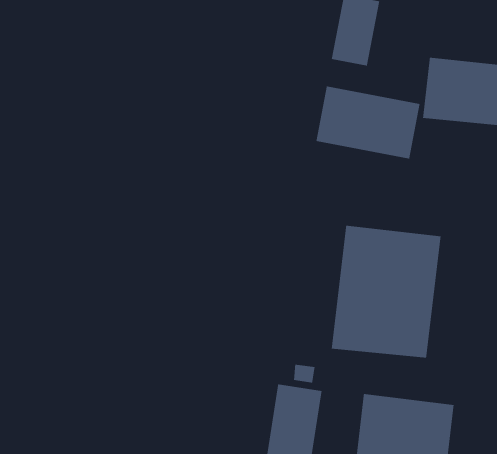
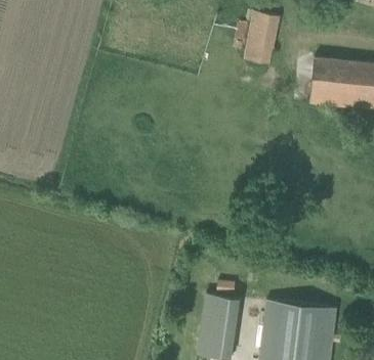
building: [315,85,421,160] -> none
building: [331,225,441,358] -> none

